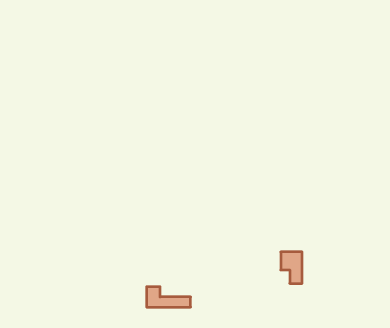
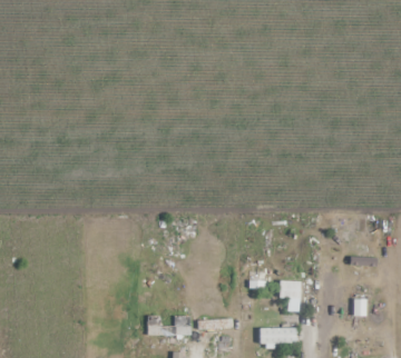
building: none -> [260,327,297,345]

